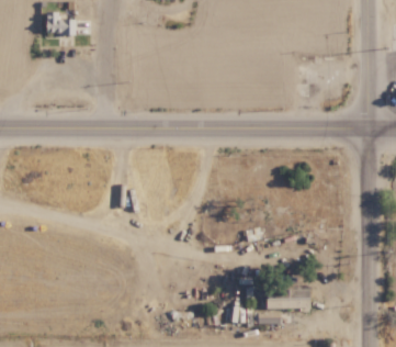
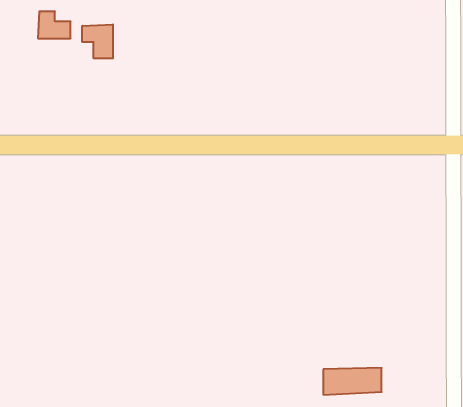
building: none -> [82,24,113,58]

